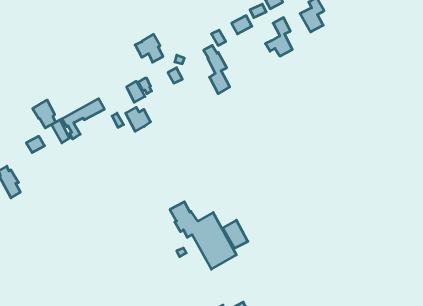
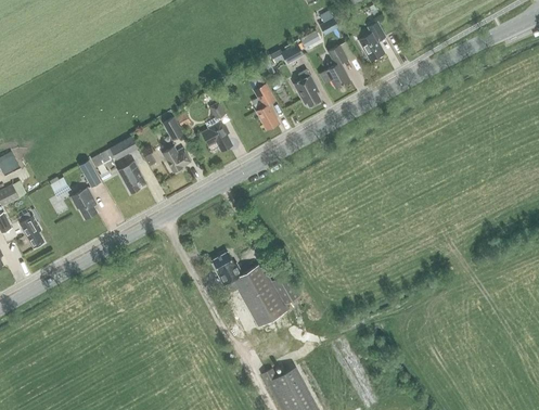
building: [135,34,163,62] -> [201,120,232,152]
building: none -> [293,69,320,107]
building: [33,100,56,128] -> [70,188,97,219]
building: none -> [117,161,146,193]

